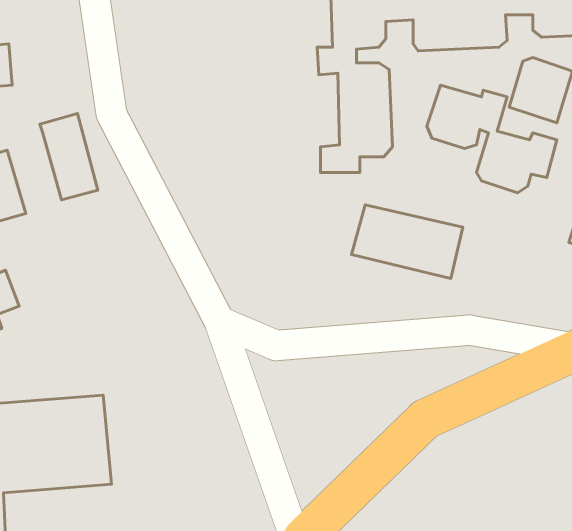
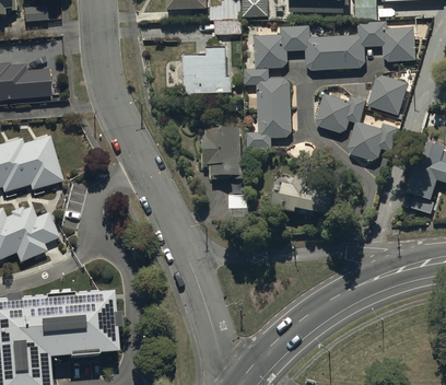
building: none -> [183,47,232,95]
building: [40,113,98,200] -> none
building: none -> [203,127,240,178]

